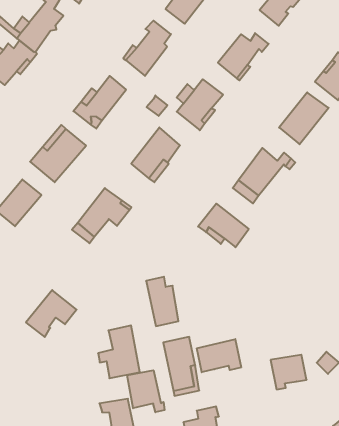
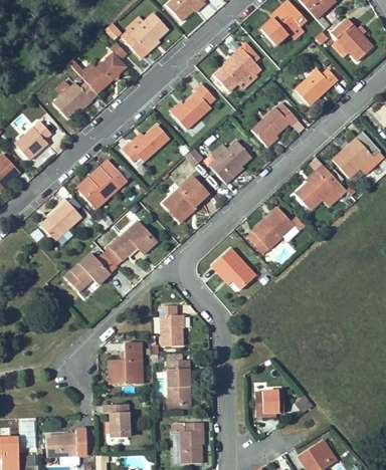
building: [26,290,77,337] -> [65,254,111,293]
building: [197,339,241,372] -> none
building: [127,370,165,412] -> none

